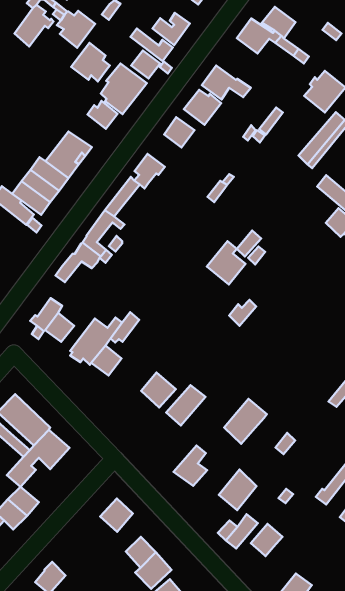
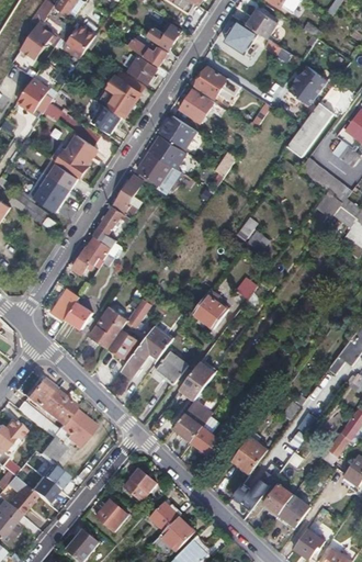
building: [71,43,110,82] -> [16,79,52,114]
building: none -> [149,136,184,168]
building: [207,241,245,284] -> [193,288,228,327]
building: none -> [122,327,171,375]
building: [224,399,267,444] -> [173,400,212,441]
building: none -> [97,501,127,530]
building: none -> [279,495,309,526]

